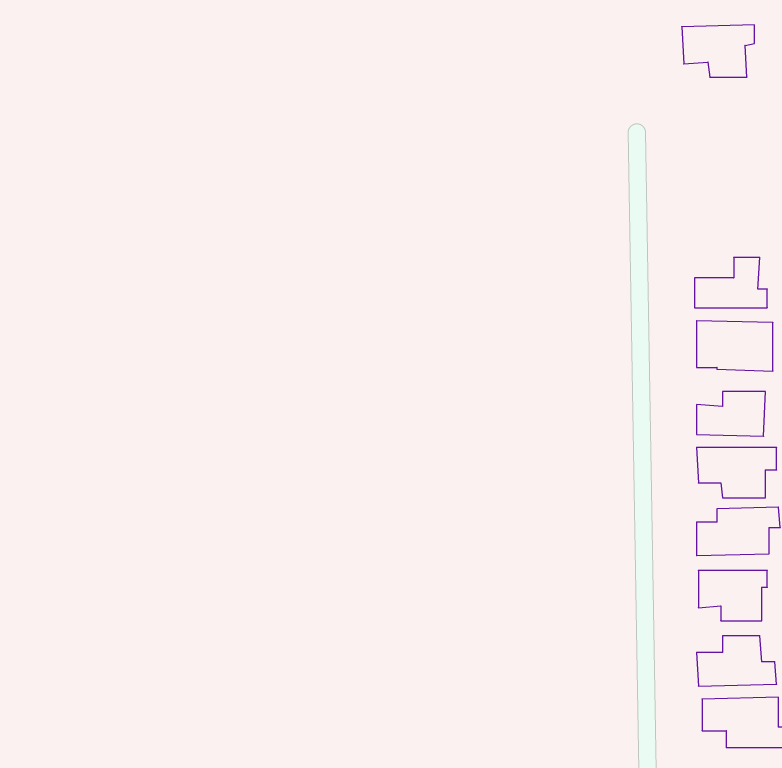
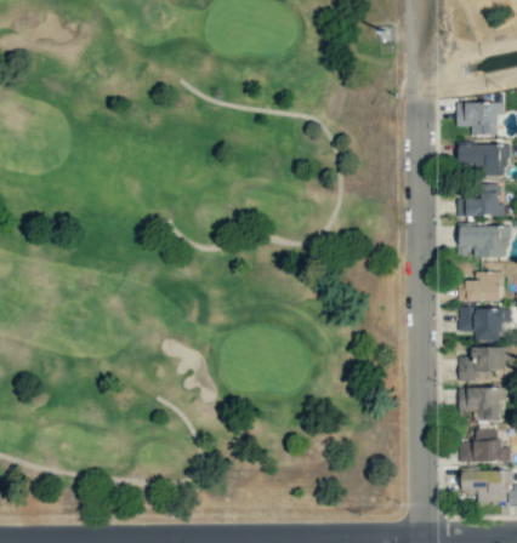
building: [682,25,754,77] -> [456,102,504,136]
building: none -> [459,144,509,176]

